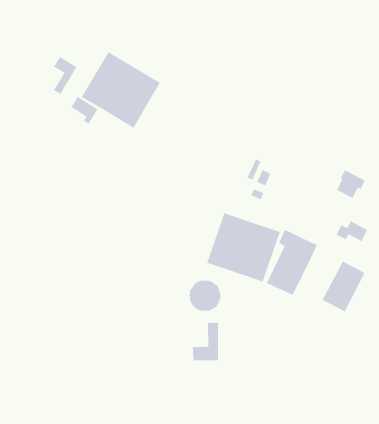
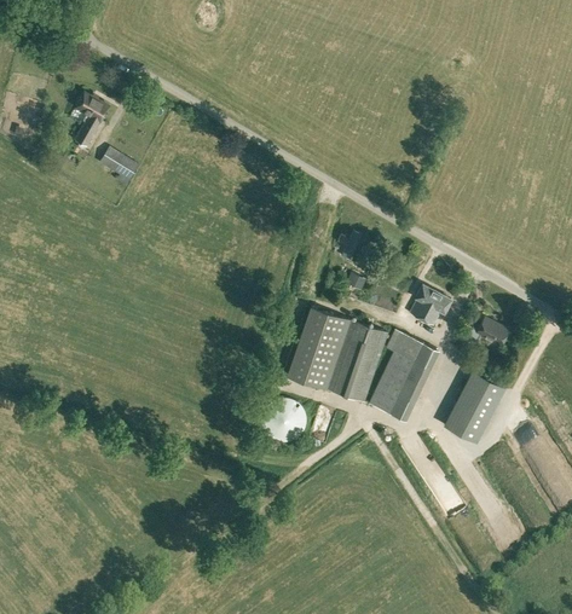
building: [81,51,161,129] -> none
building: [336,169,366,199] -> [410,284,451,325]
building: [192,322,219,361] -> none

